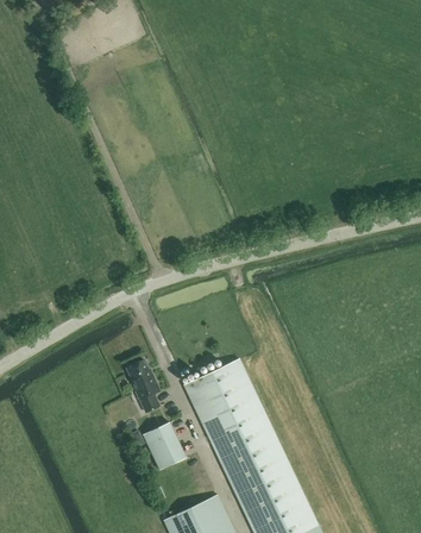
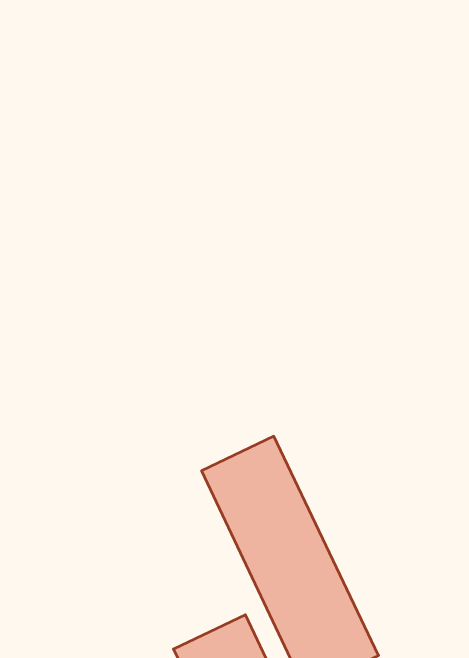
building: [126,359,159,412] -> none
building: [143,421,186,469] -> none

